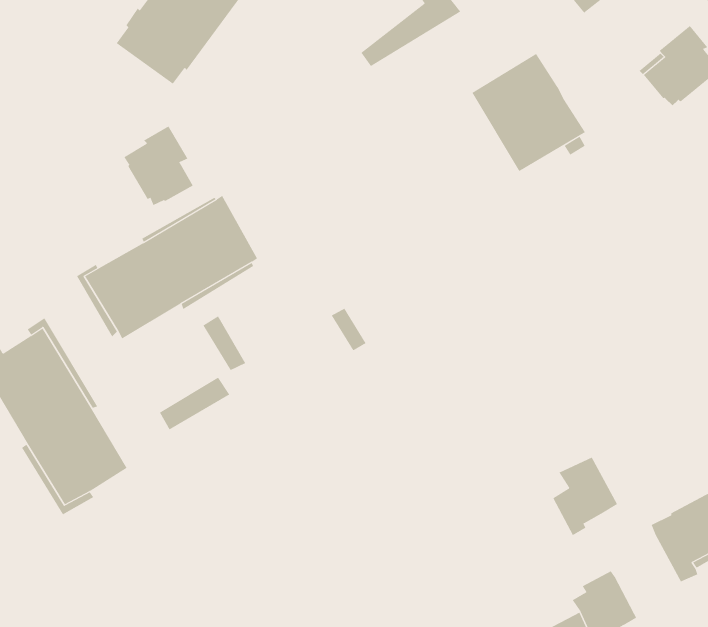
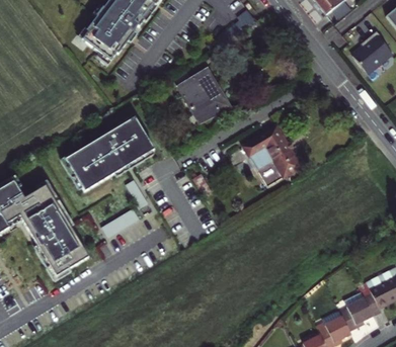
building: [471,53,586,172] -> [242,126,301,187]
building: none -> [177,68,227,119]
building: [124,126,194,206] -> none
building: [553,457,618,536] -> [338,289,372,330]

